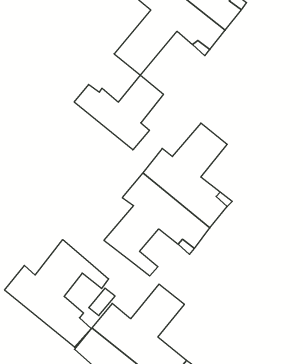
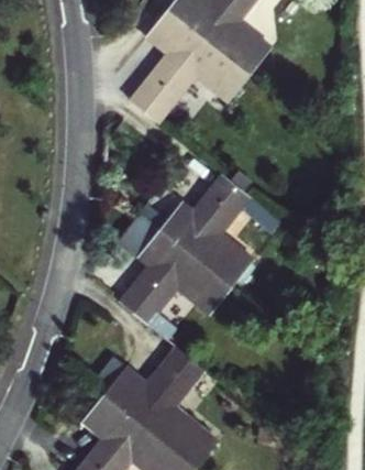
building: [74,75,163,150] -> none
building: [5,240,109,347] -> none

